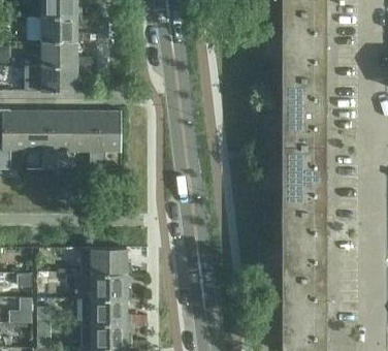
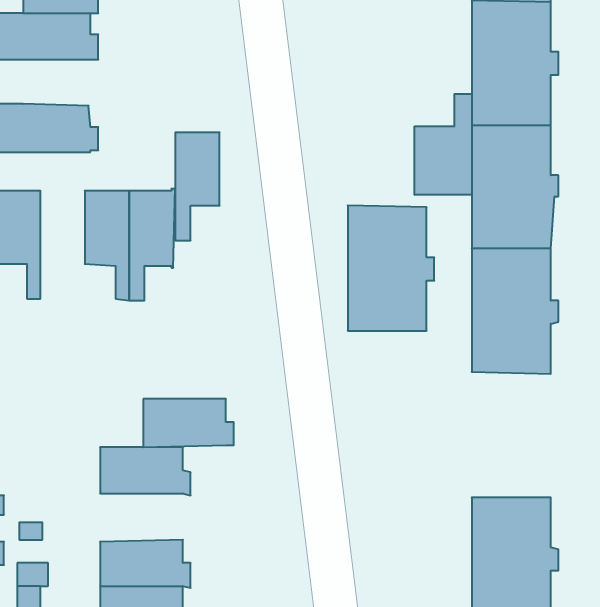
building: [41,41,82,66] -> none
building: none -> [415,94,472,195]
building: [51,111,74,169] -> [175,132,220,240]
building: [282,209,328,276] -> [348,205,434,331]
building: [83,274,131,299] -> [143,399,234,447]

